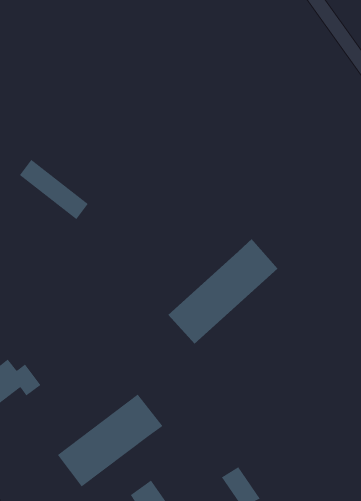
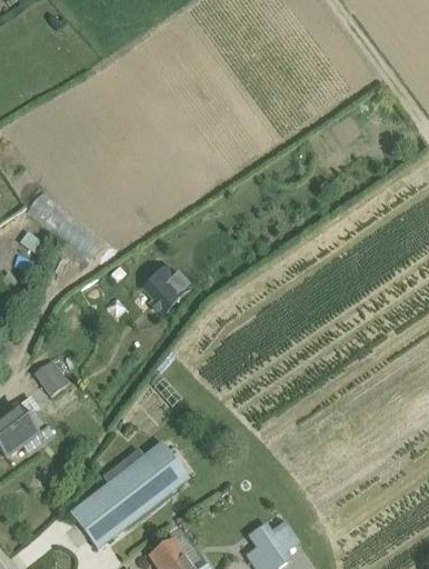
building: none -> [141,263,191,312]
building: [168,238,279,344] -> none
building: none -> [34,359,69,396]

